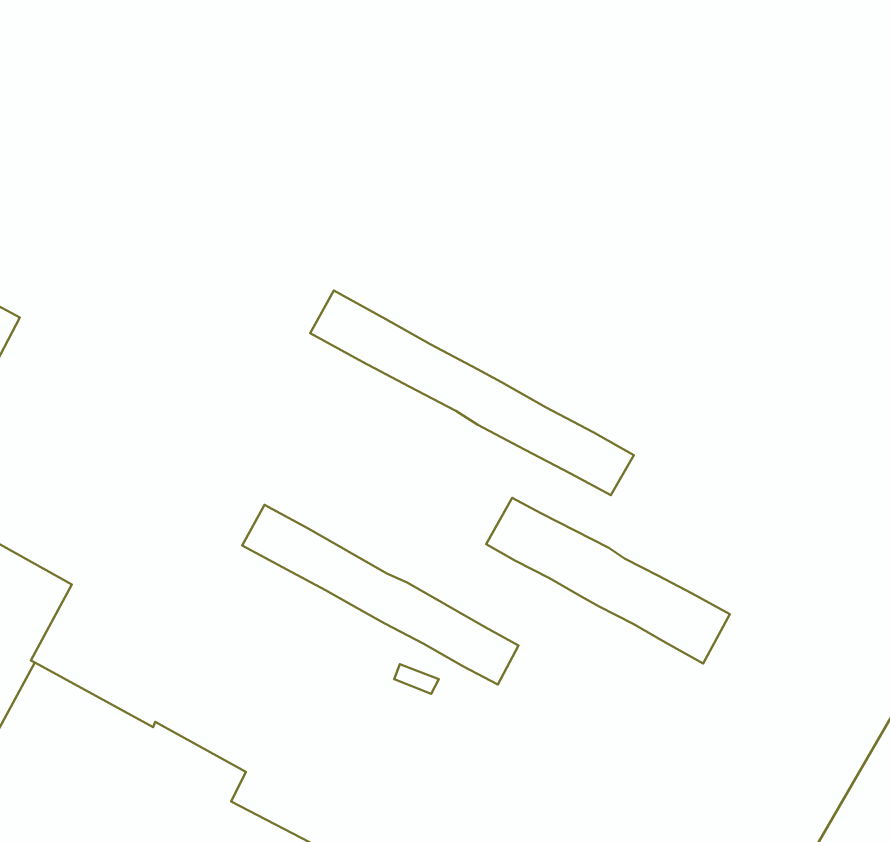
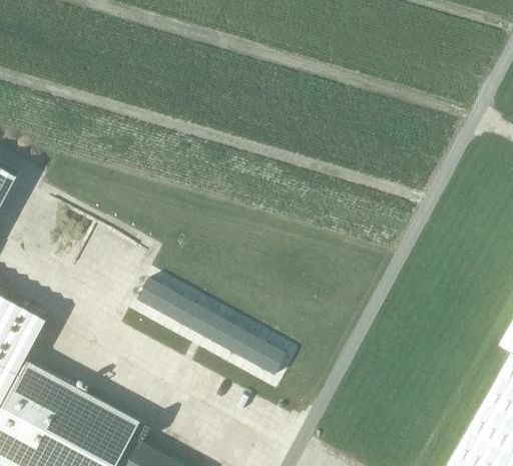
building: [310,290,634,495] -> none
building: [486,498,730,663] -> none

